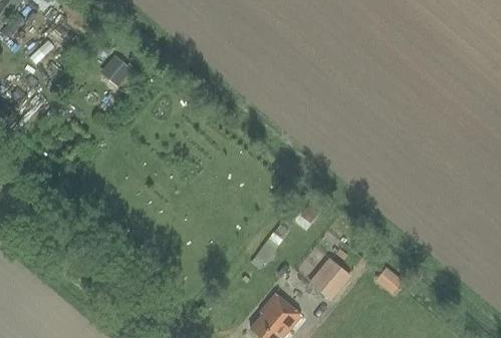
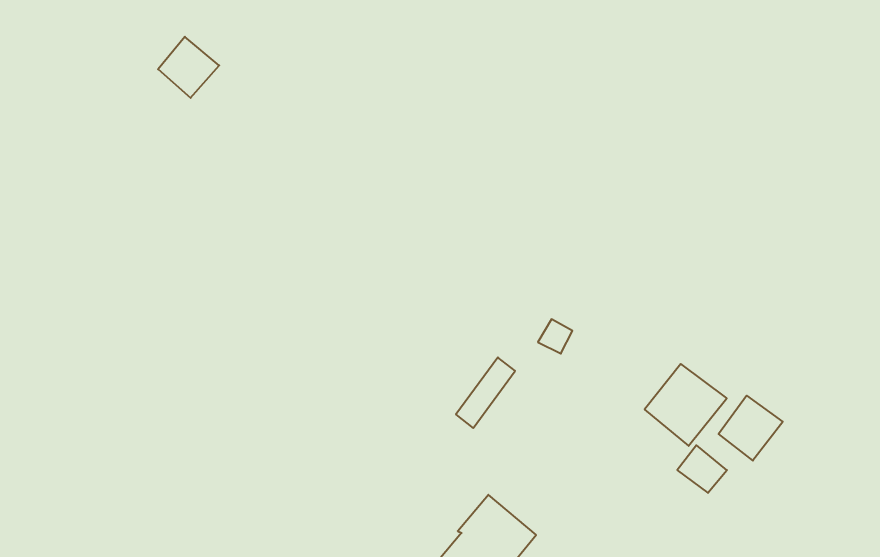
building: none -> [719,396,783,461]
building: [306,257,349,300] -> [645,364,727,446]

